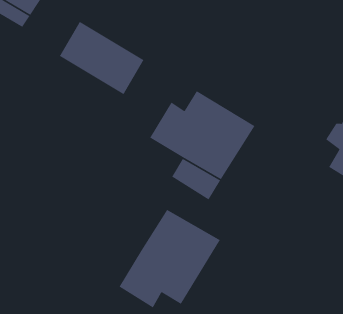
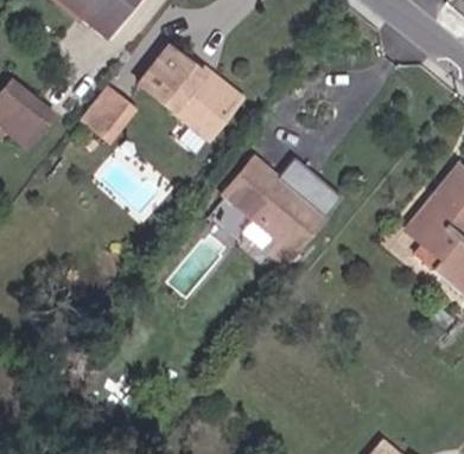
building: none -> [78,89,134,142]
building: [118,209,221,308] -> none

